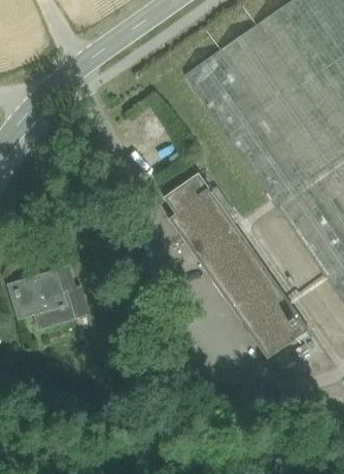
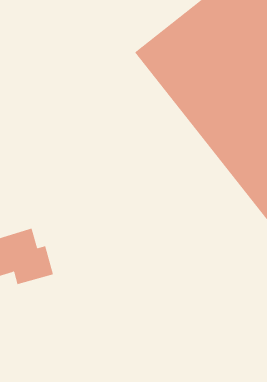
building: [158,170,313,360] -> none

